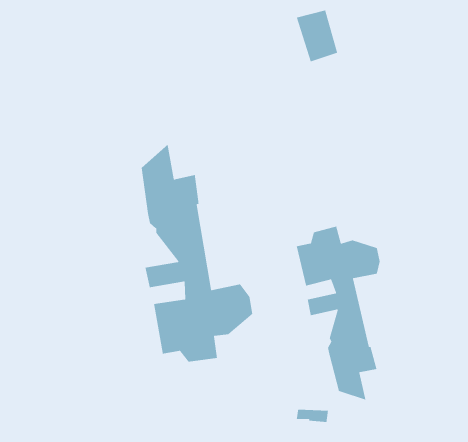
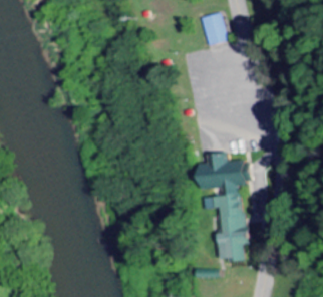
building: [141,144,253,362] -> none

